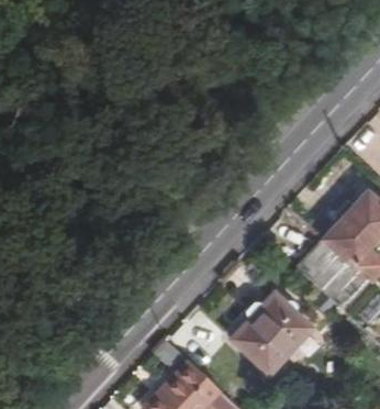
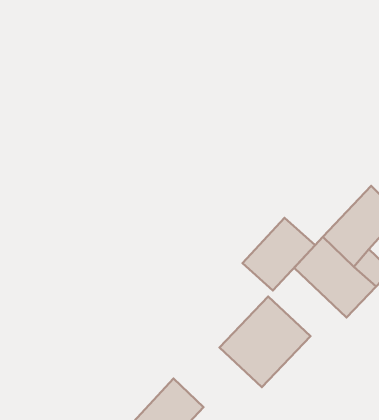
building: none -> [243,218,315,291]

